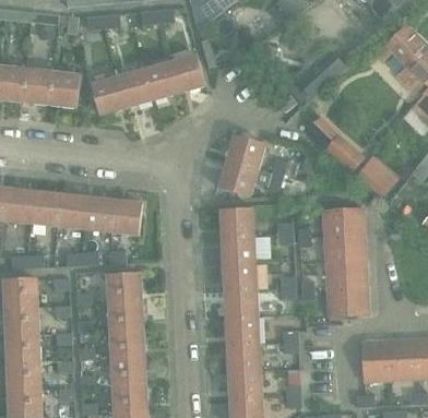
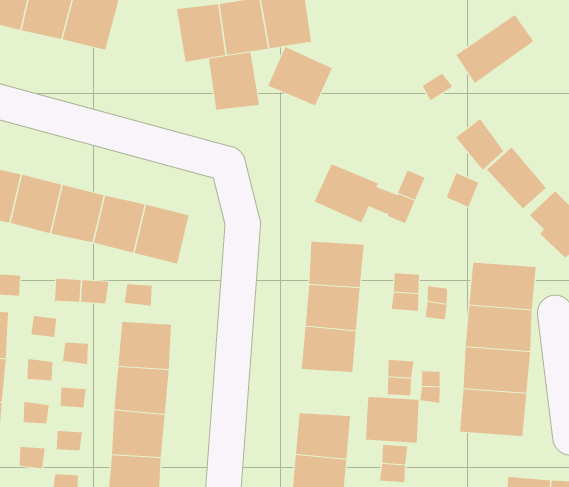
building: [91,75,127,115] -> [208,52,260,110]
building: [226,133,265,168] -> [267,46,333,106]
building: [224,288,259,318] -> [365,396,419,443]

